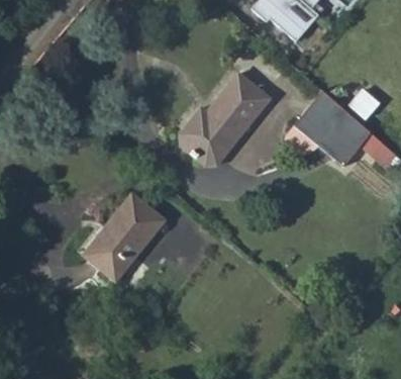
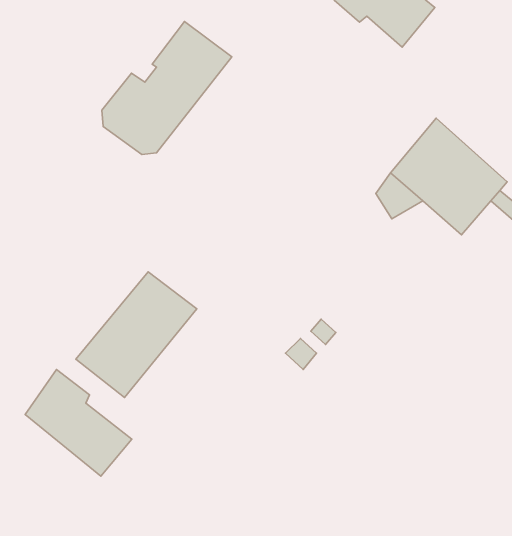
building: [181,71,270,162] -> [102,21,232,154]
building: none -> [25,369,132,476]

